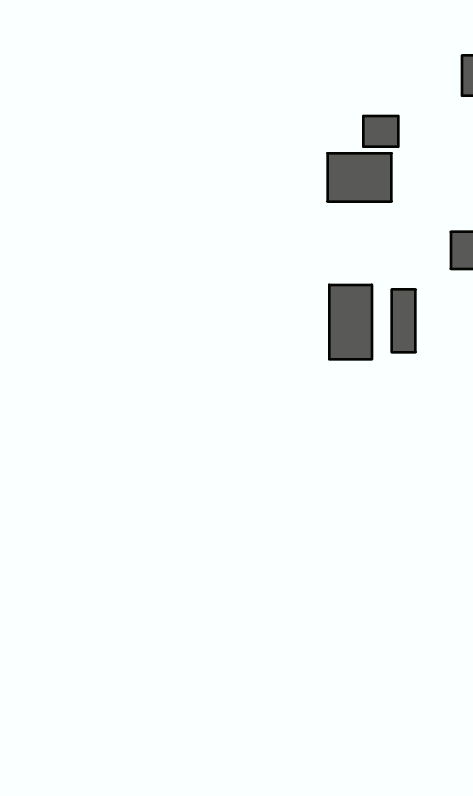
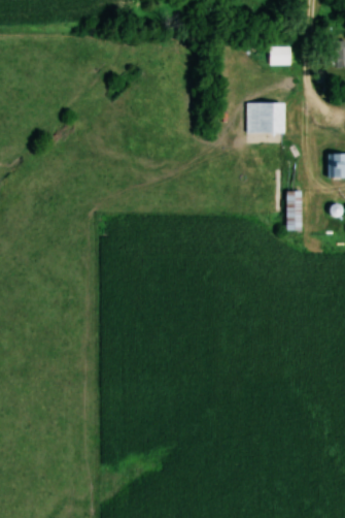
building: [363,116,398,147] -> [268,45,290,65]
building: [329,285,372,359] -> none

